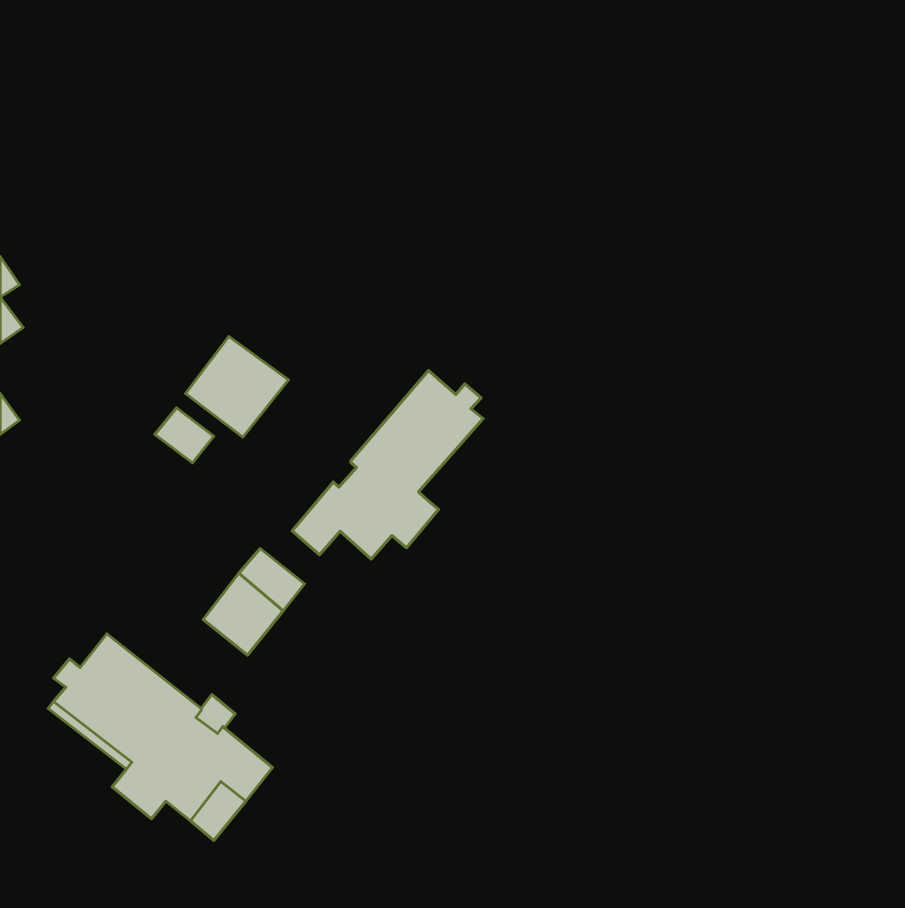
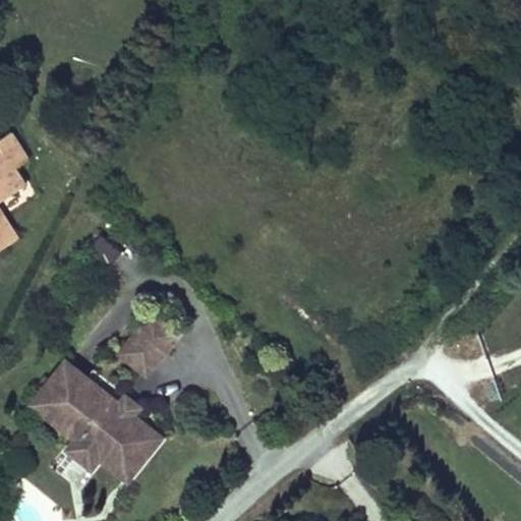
building: [185,337,288,437] -> none
building: [292,371,483,559] -> none

